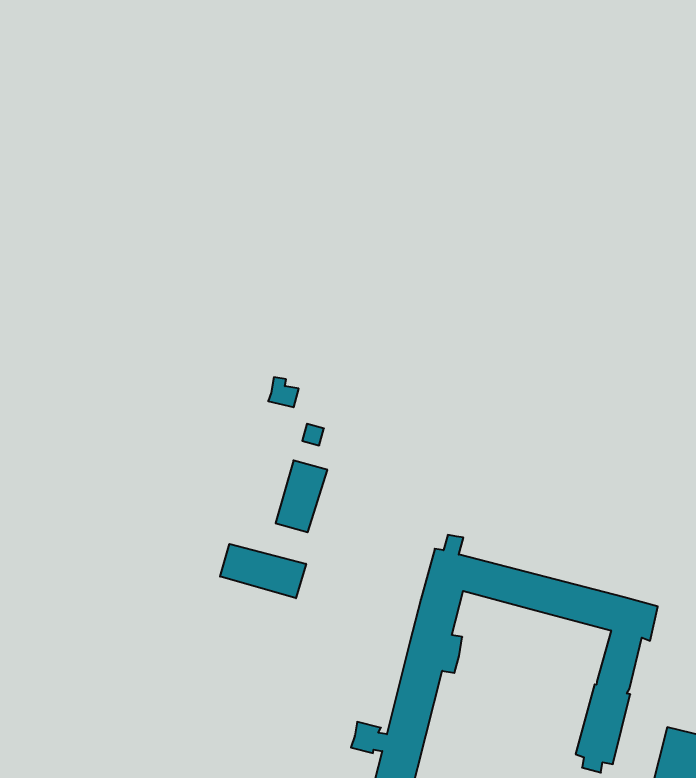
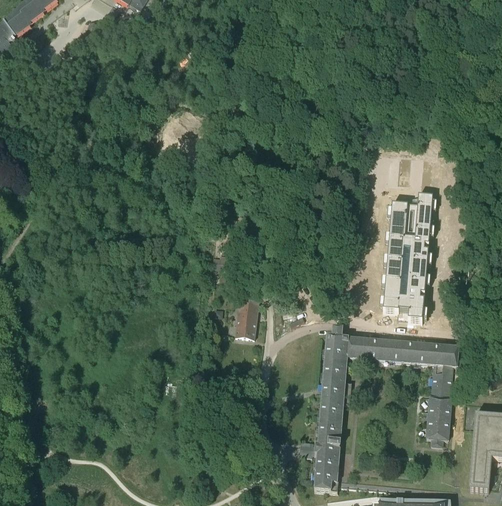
building: none -> [382,189,431,317]
building: [220,544,306,598] -> none

